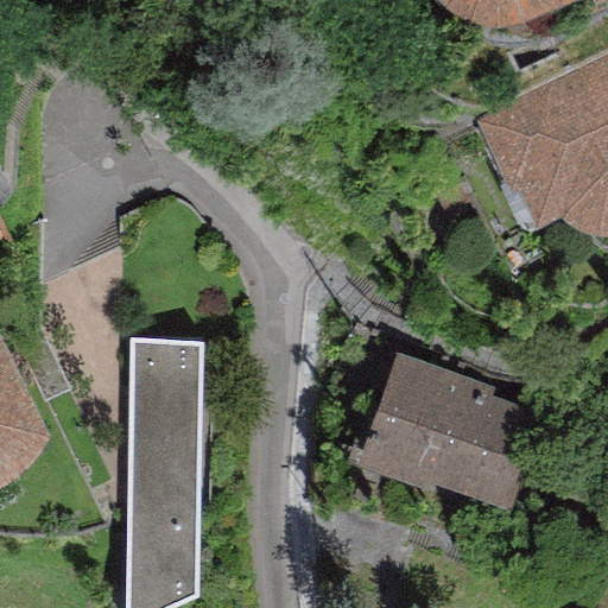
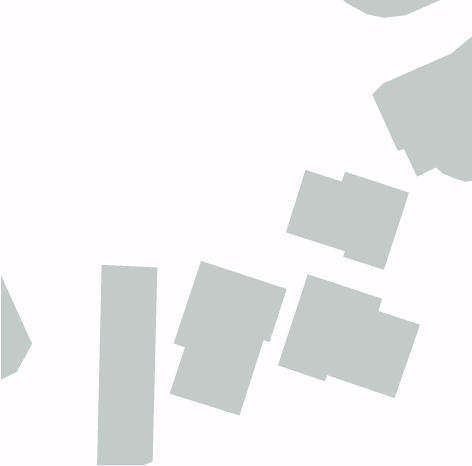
building: none -> [285,169,410,271]
building: none -> [169,260,288,417]

